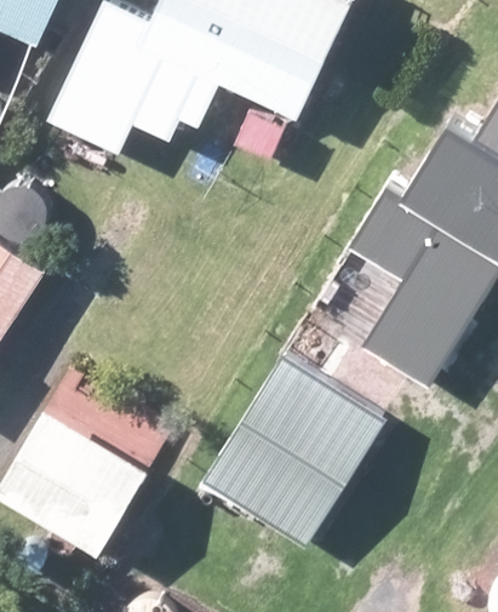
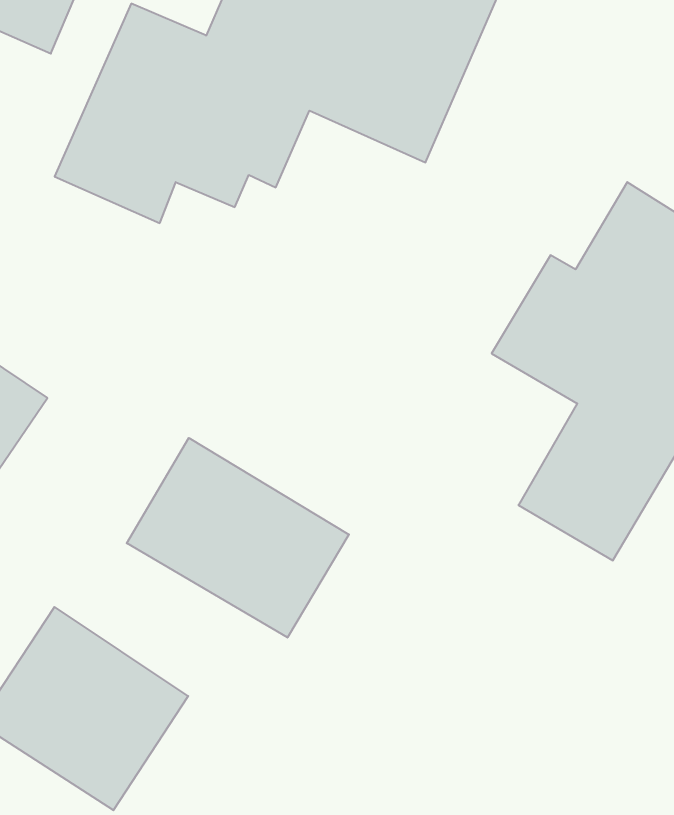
building: none -> [127,438,349,638]
building: [210,353,385,538] -> none

